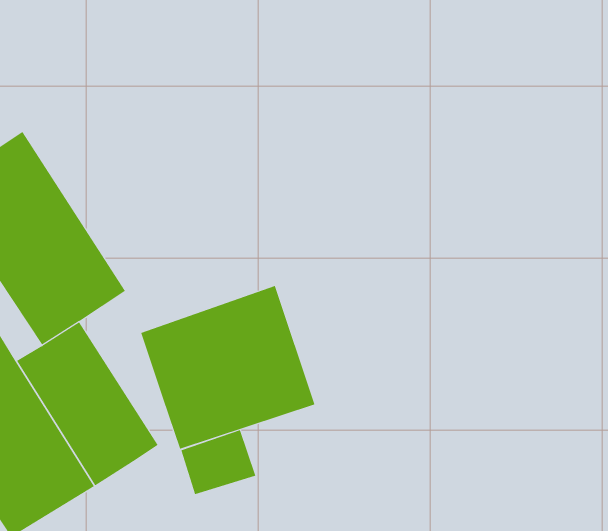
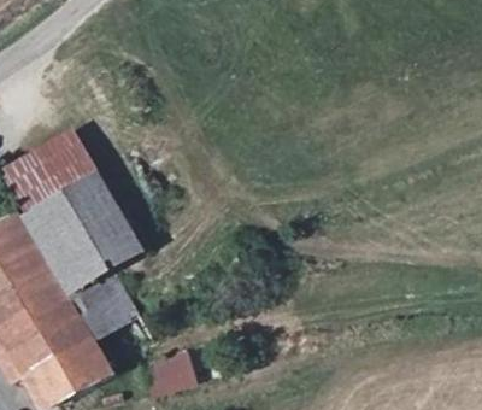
building: [141,285,315,450] -> none

